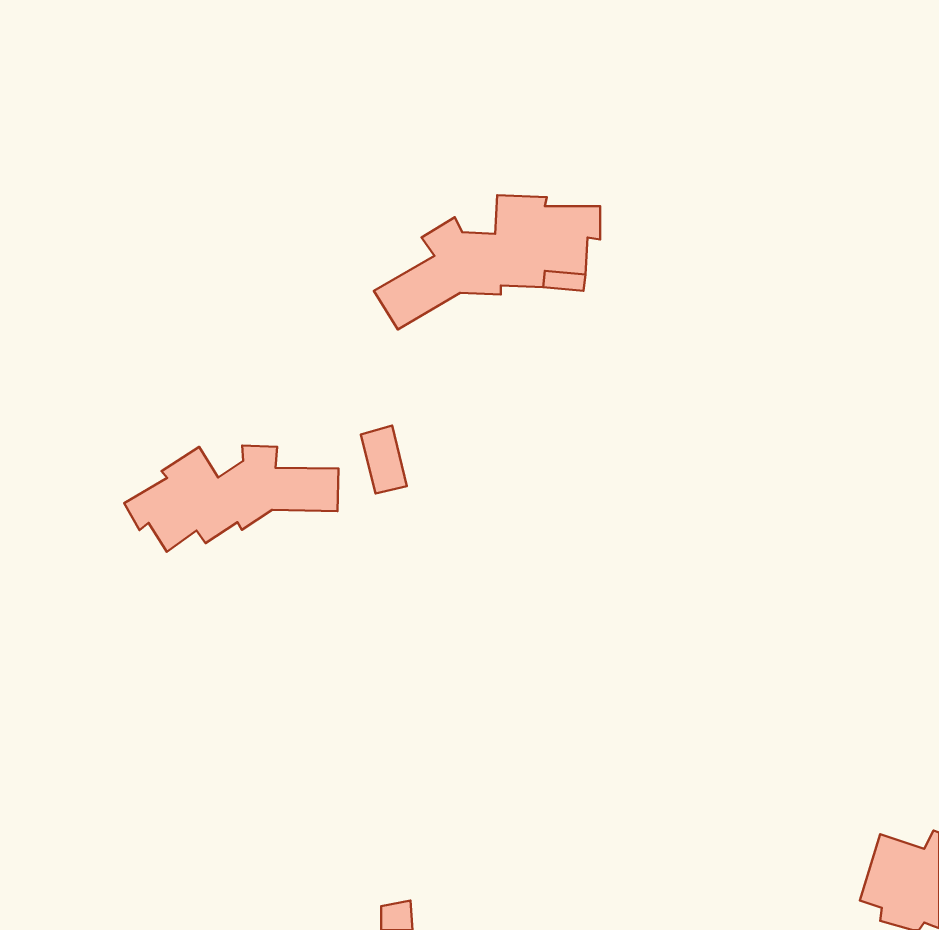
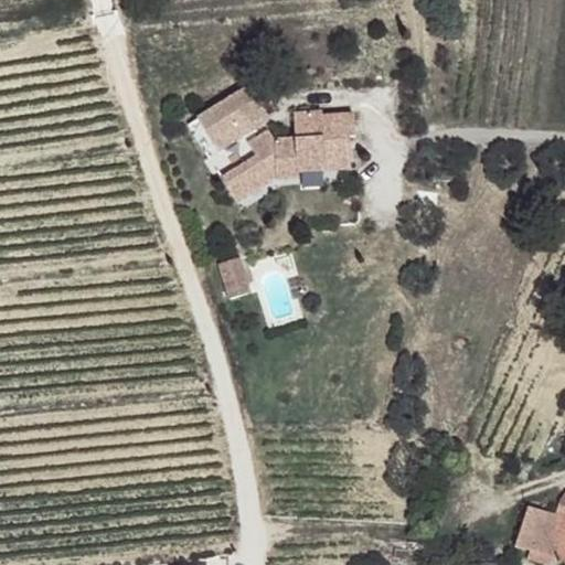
building: none -> [203,86,274,149]
building: [124,445,338,552] -> none

